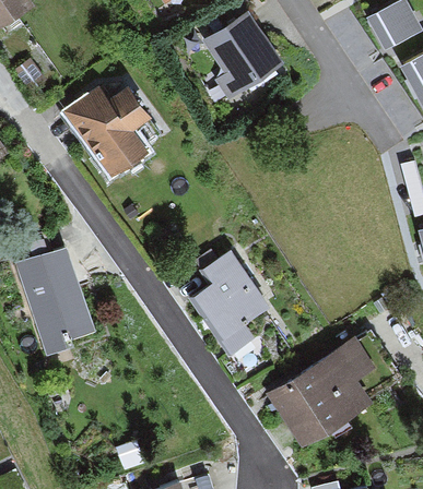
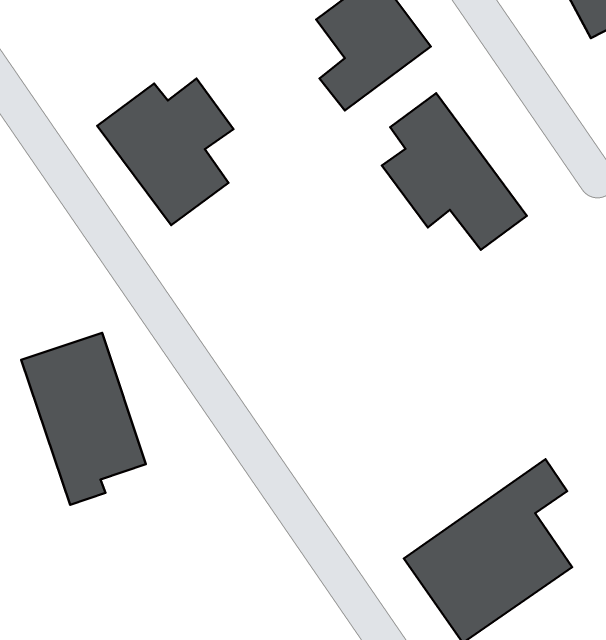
building: none -> [382,93,527,250]
building: [184,248,266,360] -> none

